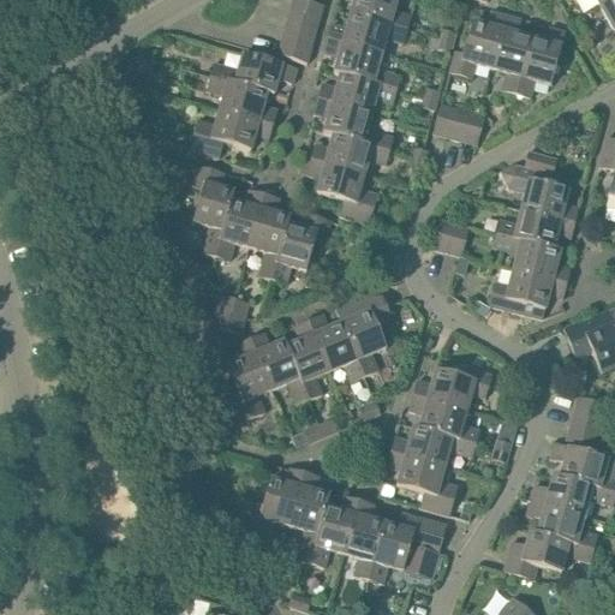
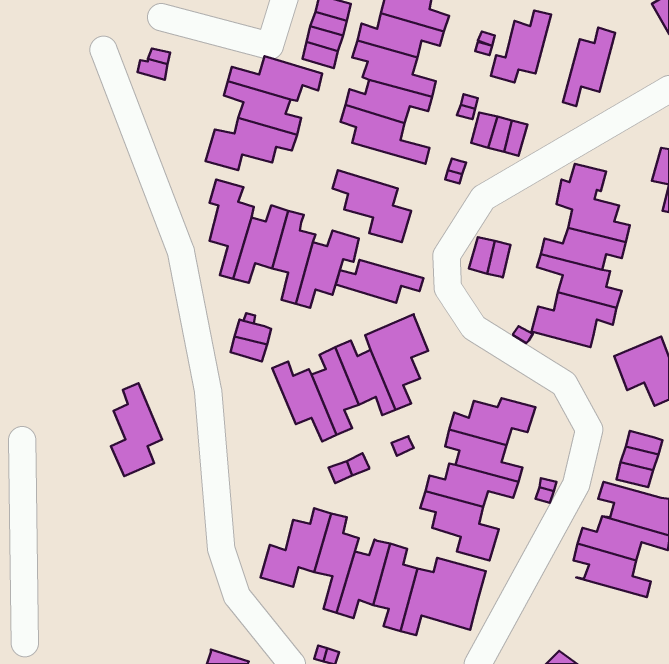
building: [491,13,532,94] -> none
building: [310,133,390,173] -> [336,260,424,303]
building: [225,338,271,423] -> [111,383,162,476]
building: [502,530,593,579] -> none

